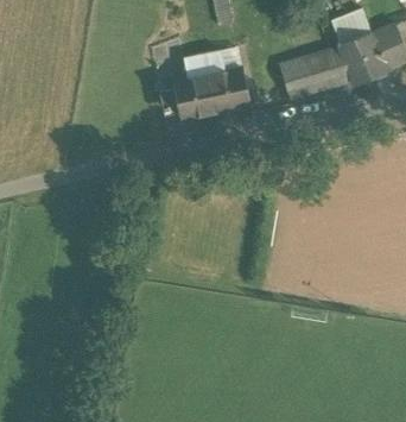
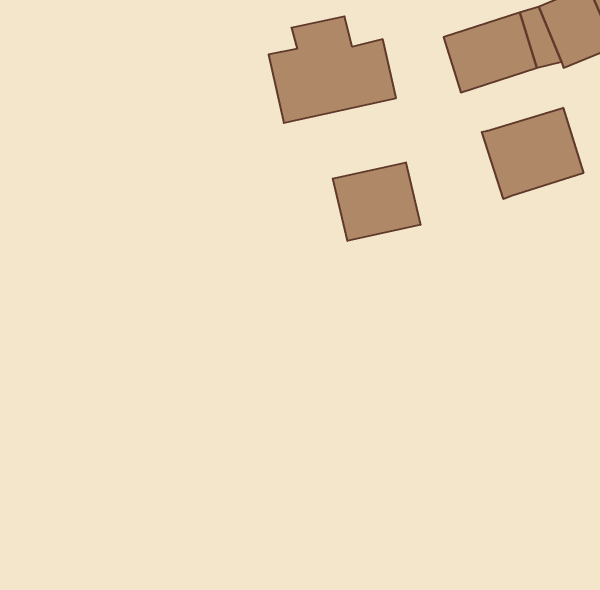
building: none -> [482,108,583,199]
building: none -> [333,162,420,241]

